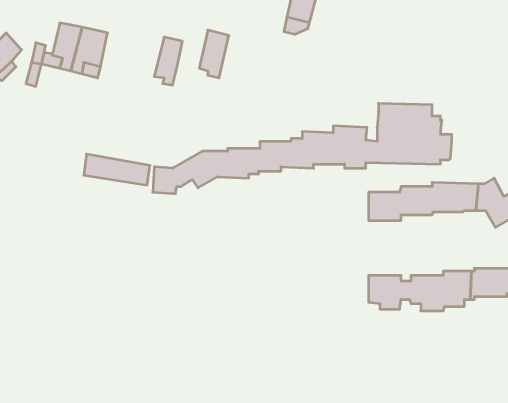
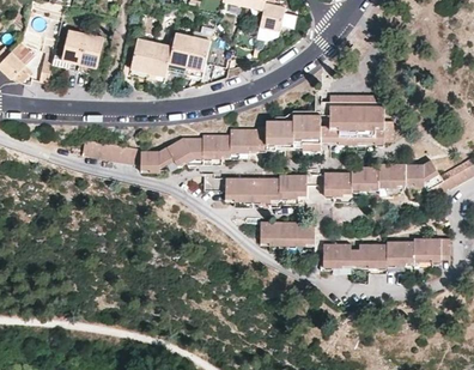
building: none -> [164,30,190,69]
building: none -> [127,37,153,77]
building: none -> [205,172,309,200]
building: none -> [263,220,317,244]

